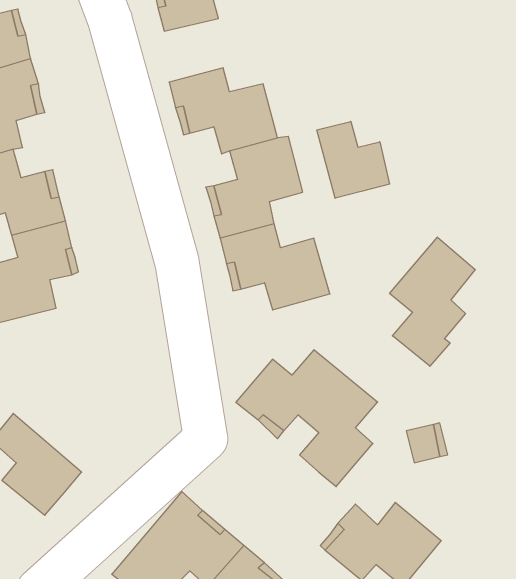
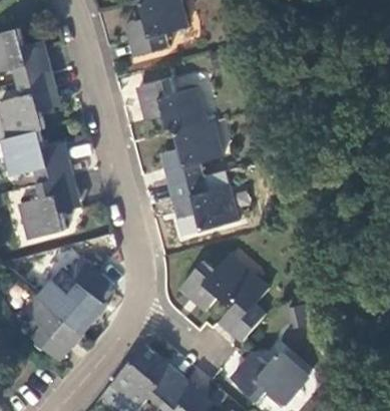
building: [317,121,390,198] -> none
building: [390,237,475,366] -> none
building: none -> [38,261,111,333]

